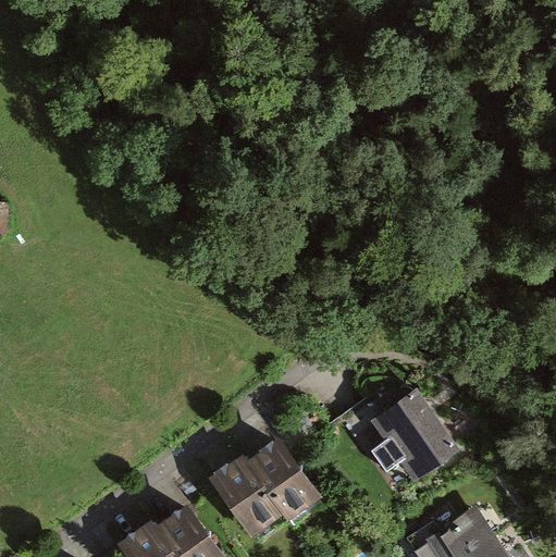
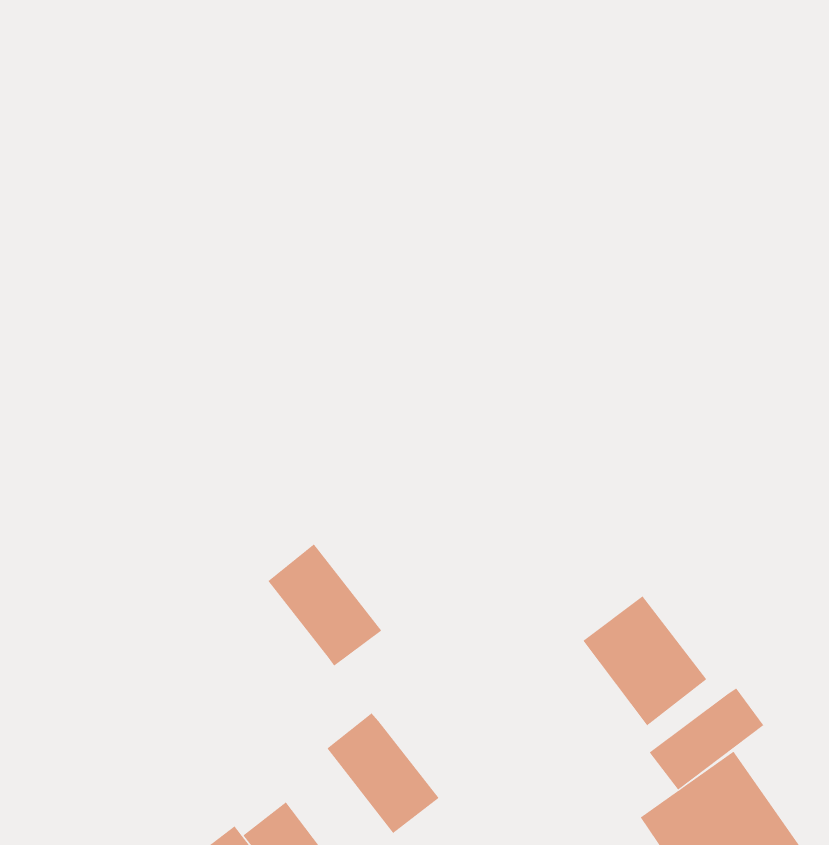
building: [248,441,318,518] -> [268,543,382,666]
building: none -> [649,688,764,790]

